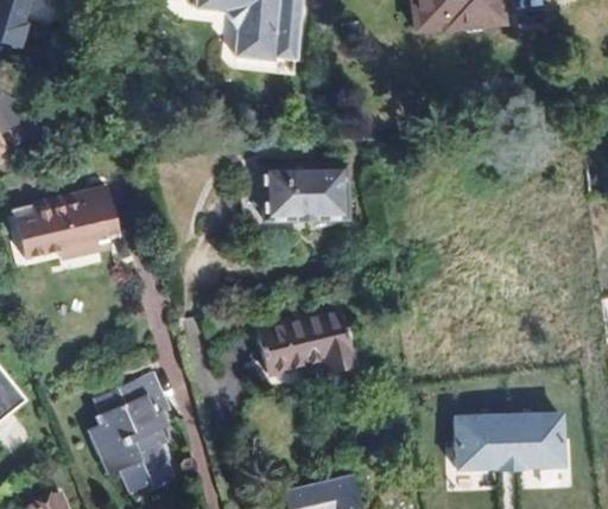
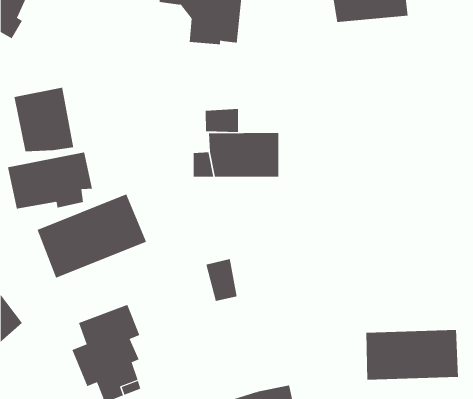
building: none -> [14,87,74,152]
building: none -> [205,108,239,133]
building: none -> [37,194,147,279]
building: [285,307,356,373] -> none

